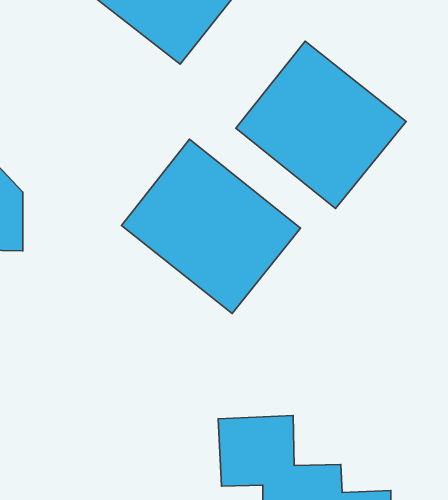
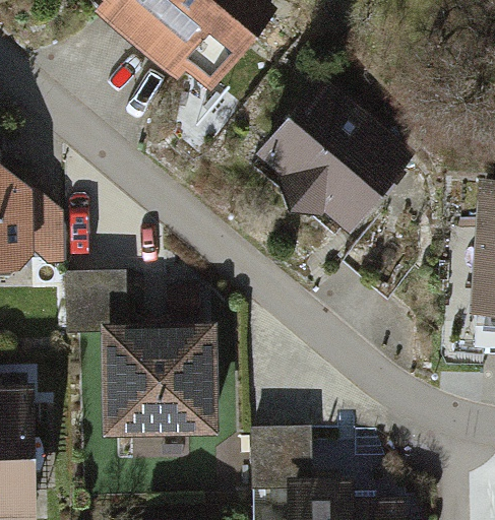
building: [122,139,300,313] -> none
building: none -> [64,274,209,435]

